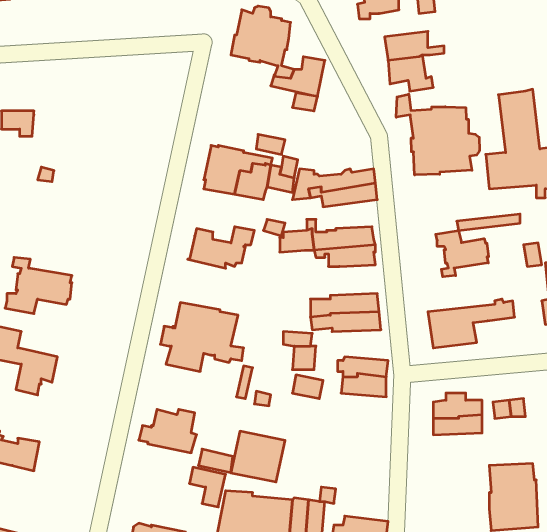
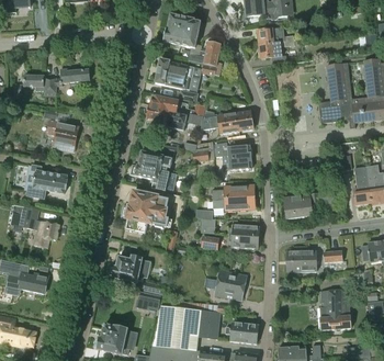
building: none -> [155,58,194,89]
building: [396,94,479,175] -> none
building: none -> [43,68,90,94]
building: none -> [46,119,78,151]
building: [436,230,488,277] -> none
building: none -> [131,163,169,190]
building: [231,431,285,482] -> [214,269,247,300]

